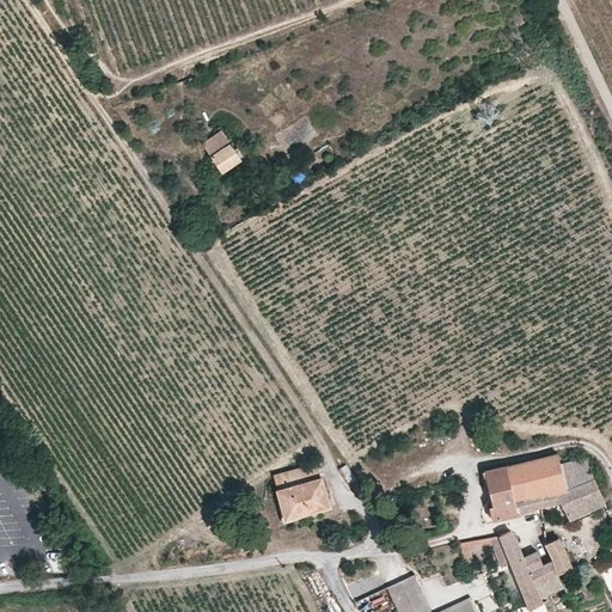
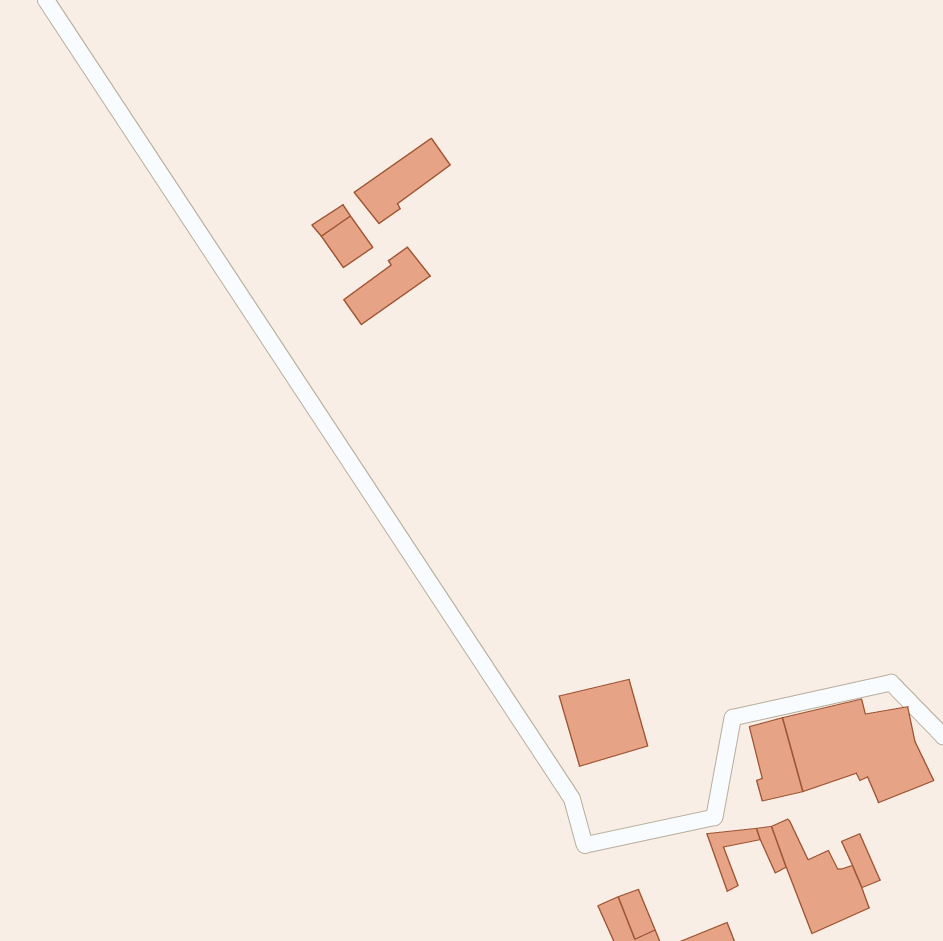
building: none -> [354,138,450,224]
building: none -> [344,247,430,325]
building: [273,464,330,520] -> [559,679,648,766]

